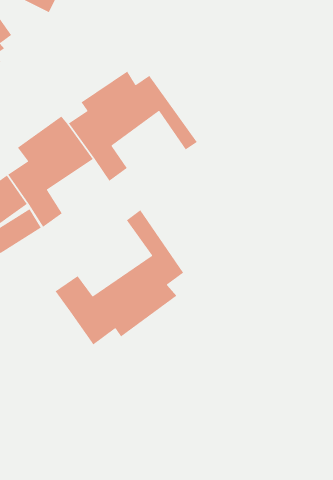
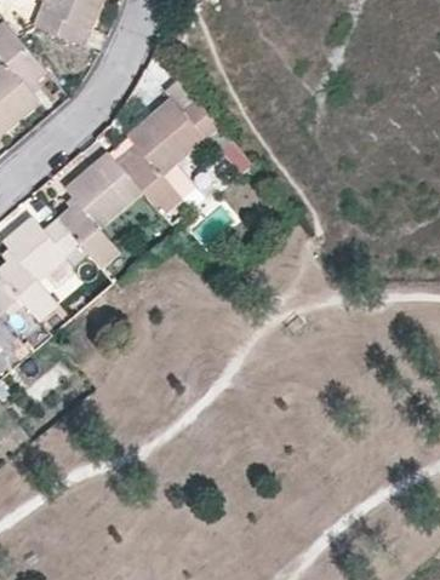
building: [55,209,184,346] -> none

